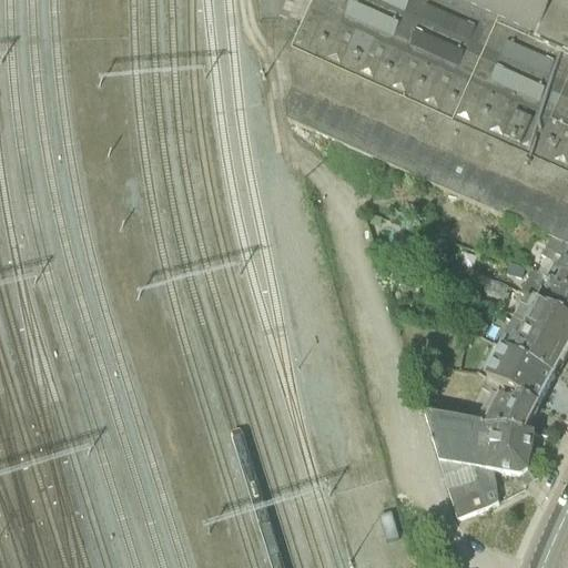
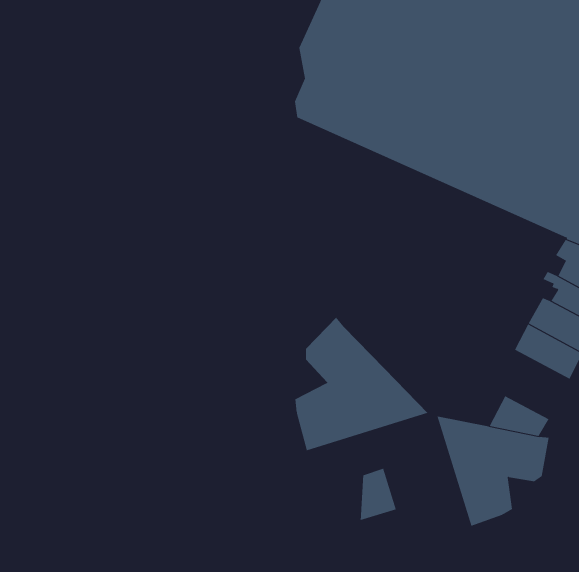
building: none -> [295,317,428,451]
building: [480,335,558,408] -> none
building: none -> [360,468,396,521]

